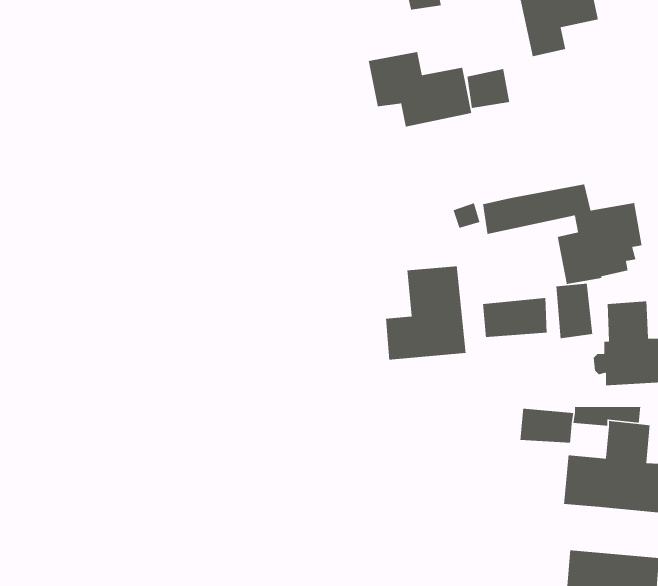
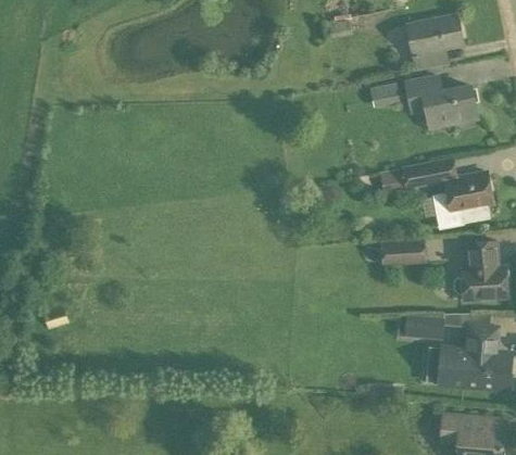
building: [368,51,472,127] -> [403,74,476,127]
building: [385,266,467,361] -> none
building: [555,283,593,339] -> none

